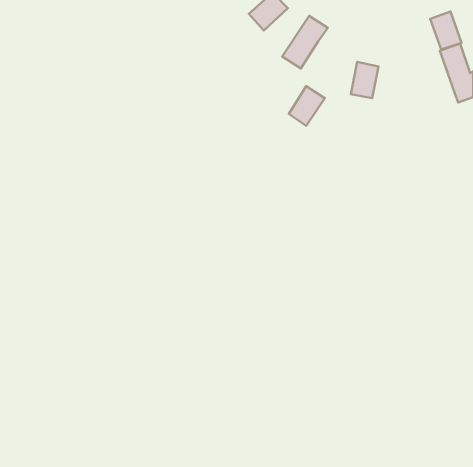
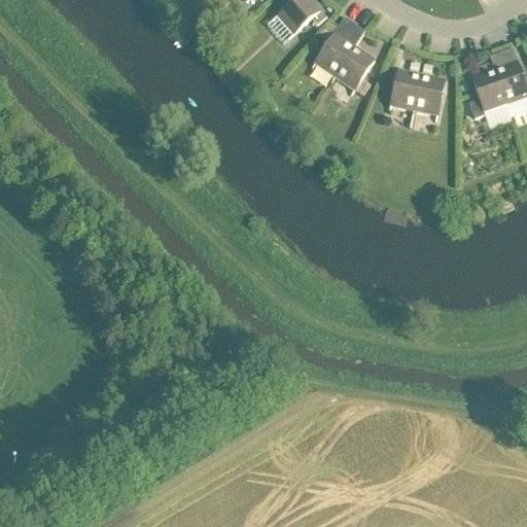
building: [430,12,462,49] -> [470,68,505,110]
building: none -> [414,74,445,114]
building: [289,86,325,126] -> [335,45,375,90]

